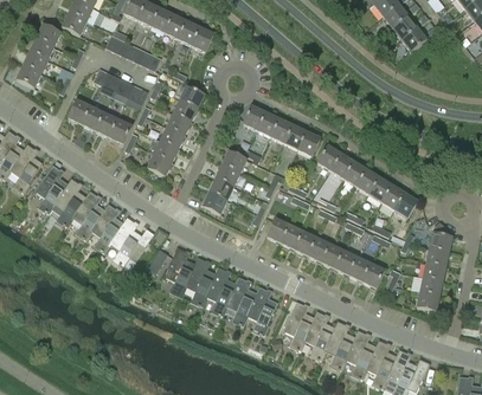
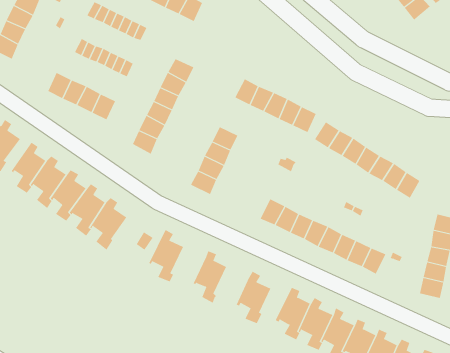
building: [184,257,216,305] -> none
building: [224,276,256,325] -> none

